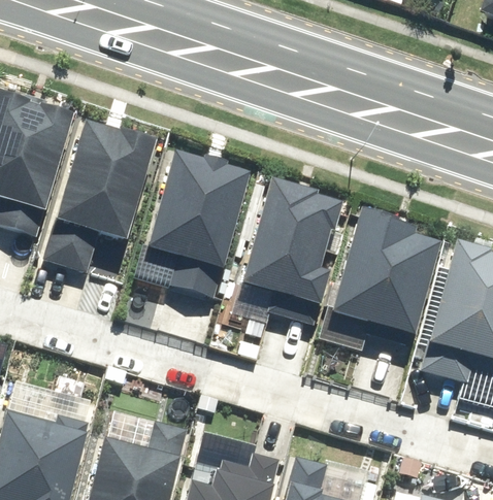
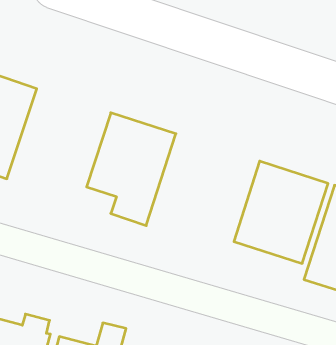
building: [41,123,157,269] -> none
building: [235,182,343,326] -> none

